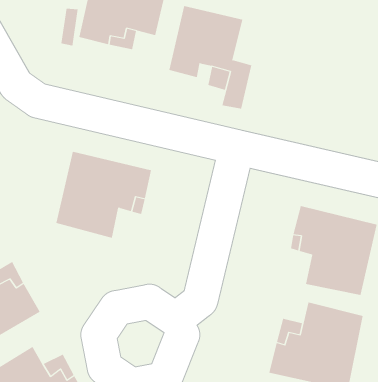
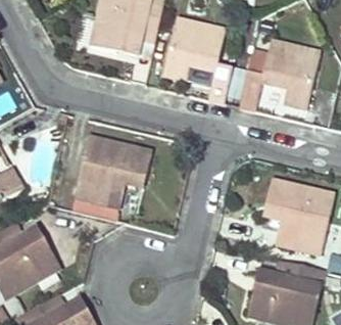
building: none -> [241,41,322,109]

